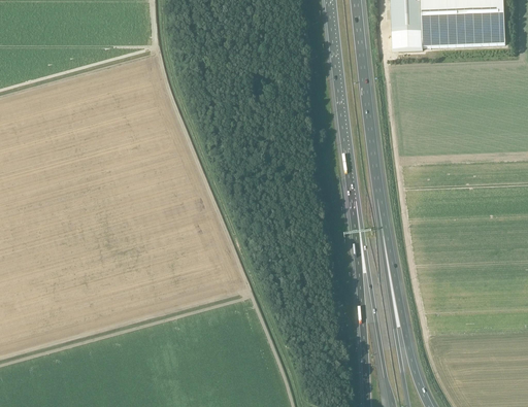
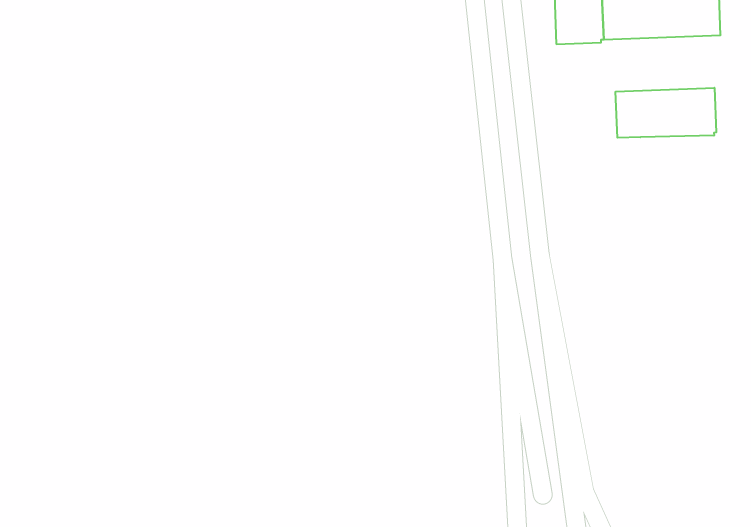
building: none -> [616,88,716,138]

